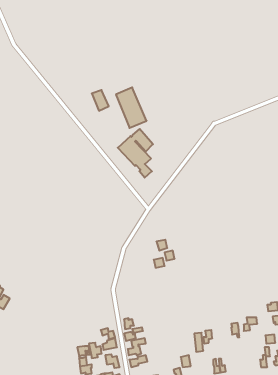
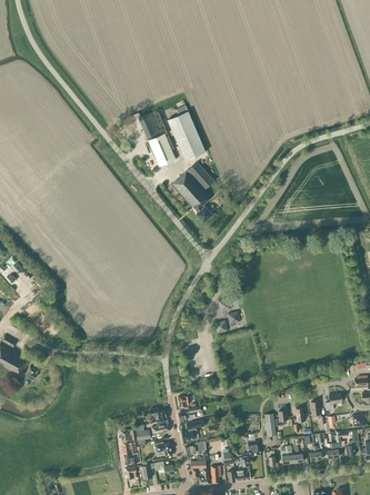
building: none -> [148,132,176,167]

